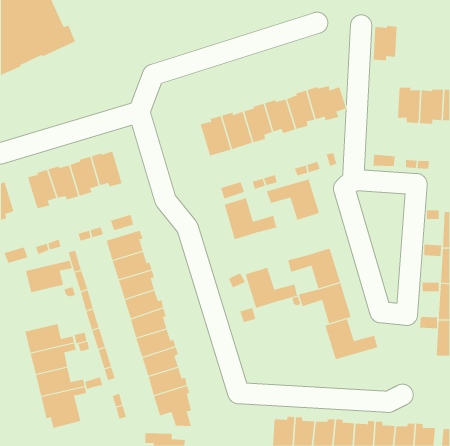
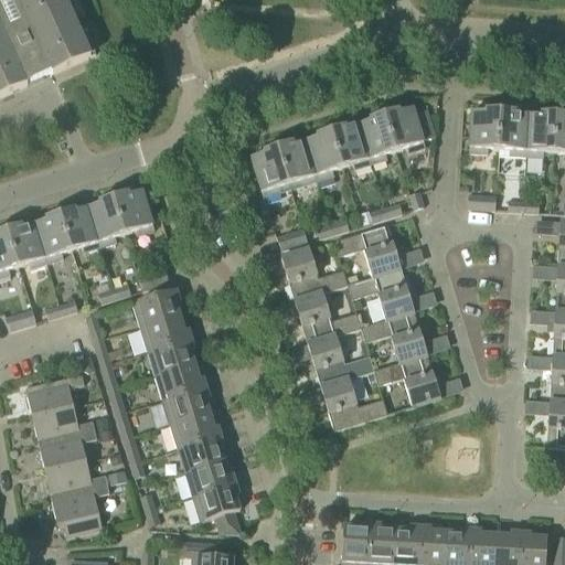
building: [373,26,398,61] -> [469,108,500,152]
building: none -> [7,222,46,267]
building: none -> [347,267,414,319]
building: none -> [294,291,361,343]
building: [25,260,73,293] -> [24,374,84,415]
building: [325,319,378,360] -> [320,377,387,429]

